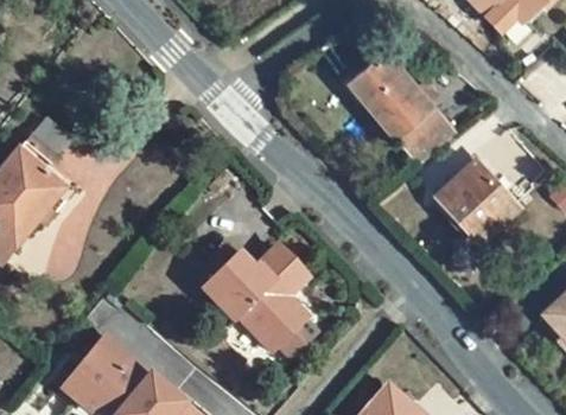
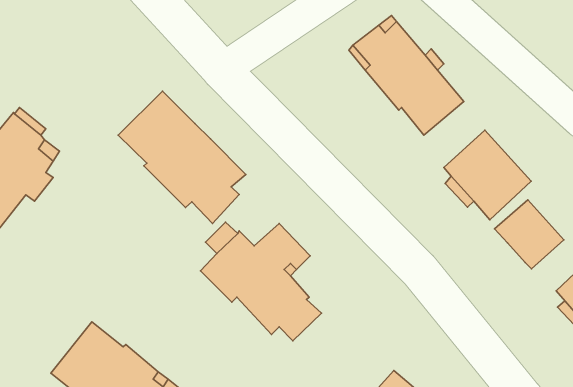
building: none -> [118,91,246,224]
building: none -> [494,200,564,269]

